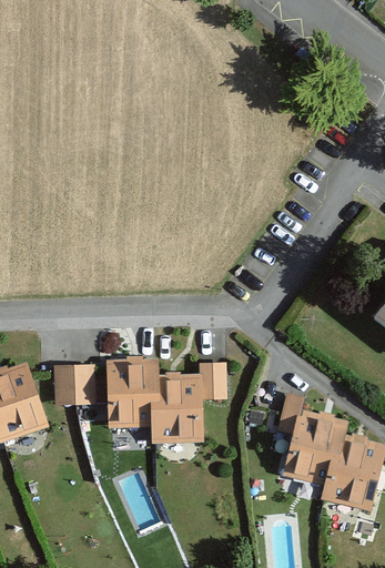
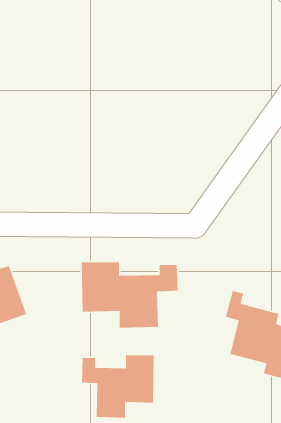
building: [54,367,89,403] -> none
building: none -> [81,355,154,419]

